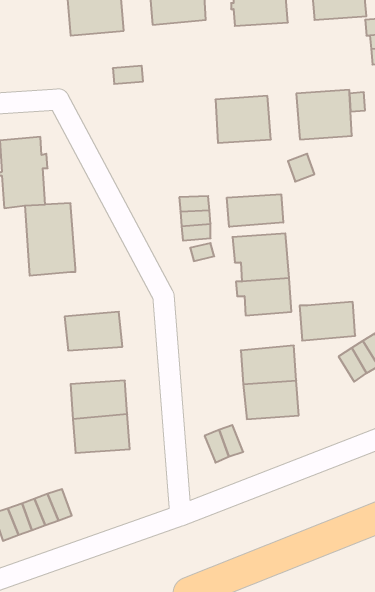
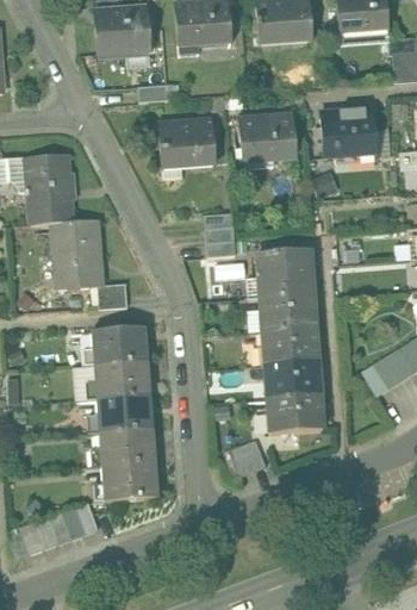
building: none -> [160,118,216,168]
building: [227,194,283,227] -> none
building: none -> [98,281,127,310]
building: [300,302,355,341] -> [263,326,318,365]
building: none -> [95,361,151,398]
building: none -> [102,462,158,503]

